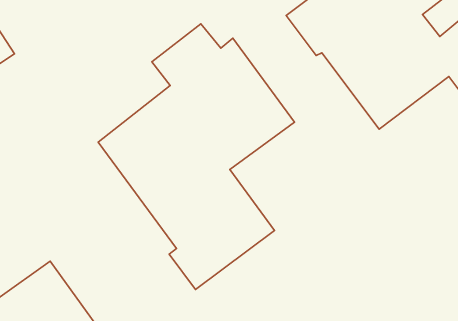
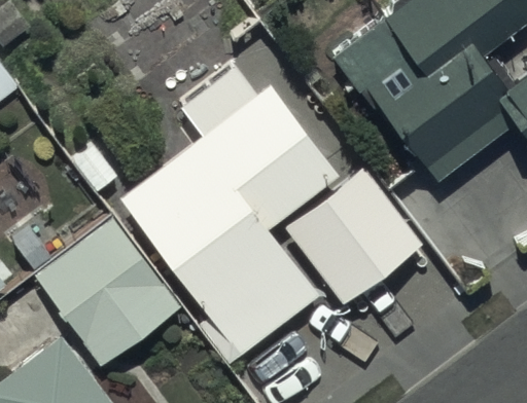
building: none -> [285,169,421,303]
building: none -> [32,215,182,367]

